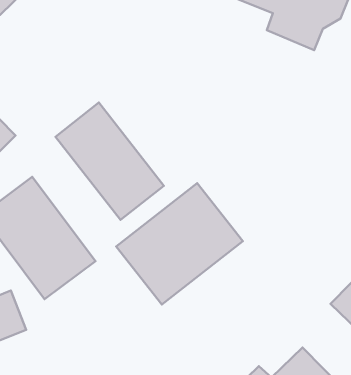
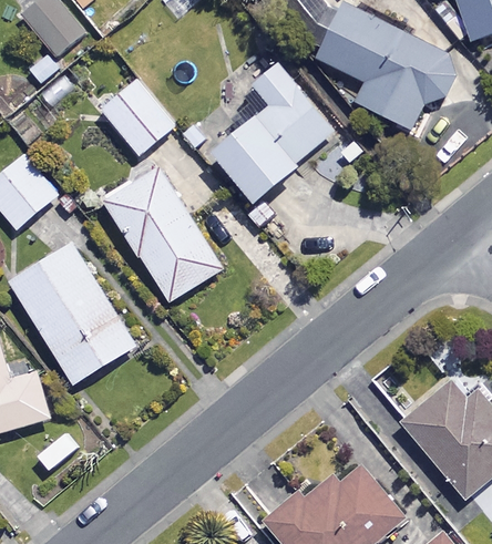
building: none -> [215,64,334,205]
building: none -> [99,78,175,155]
building: [116,183,243,305] -> none

